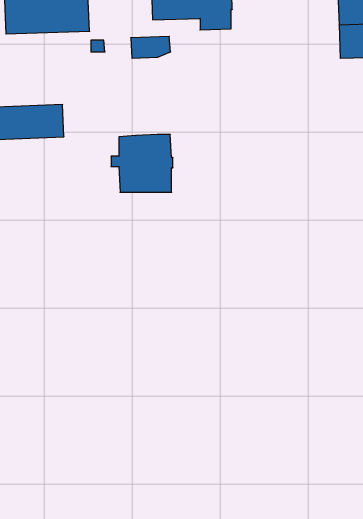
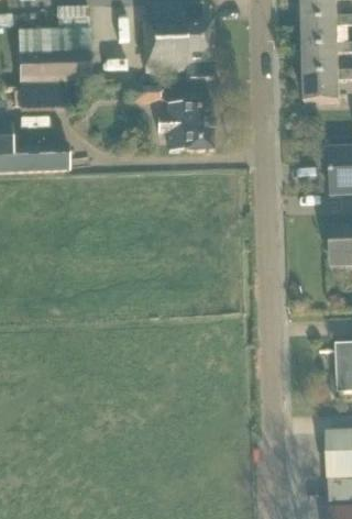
building: [111,134,173,192] -> [160,99,212,148]

